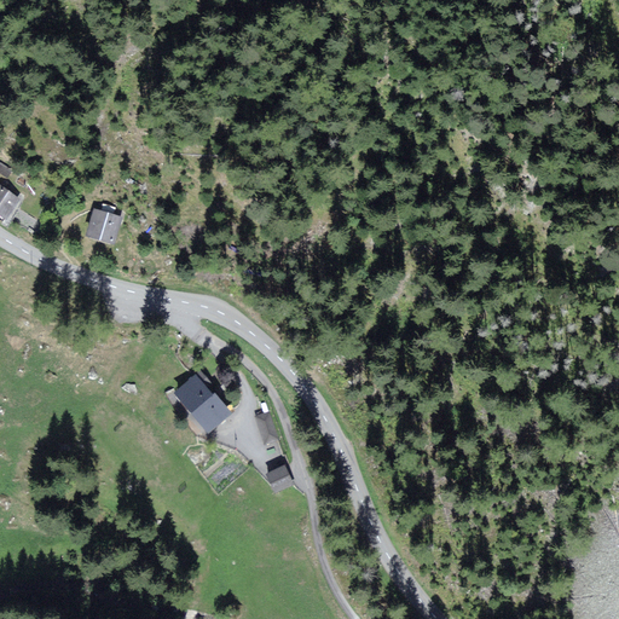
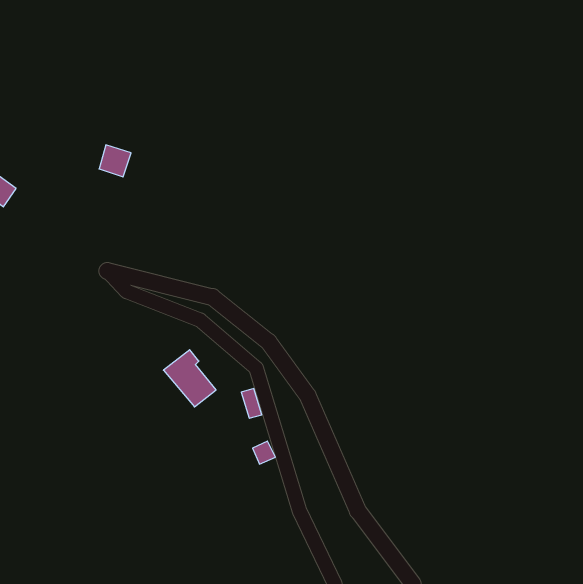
building: [87,208,121,242] -> [99,145,131,177]

